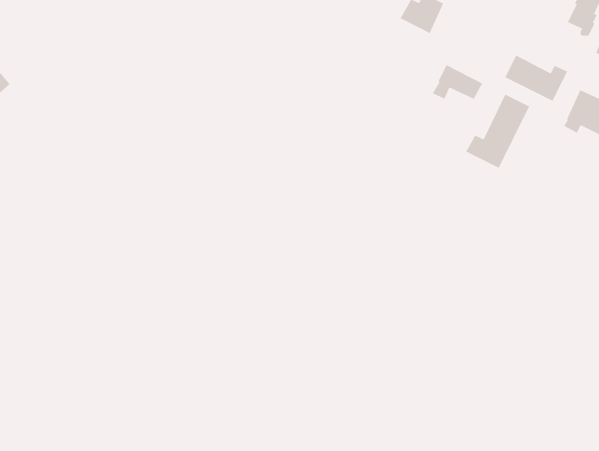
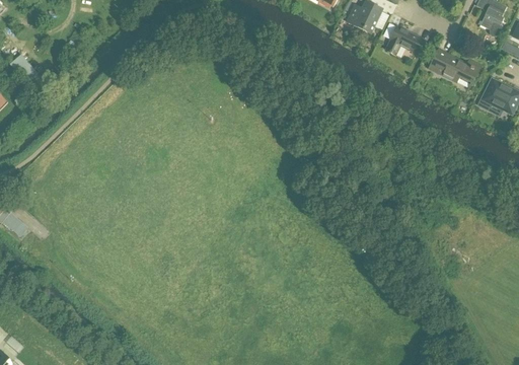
building: [432,64,483,100] -> [383,25,424,54]
building: [465,94,530,169] -> none

